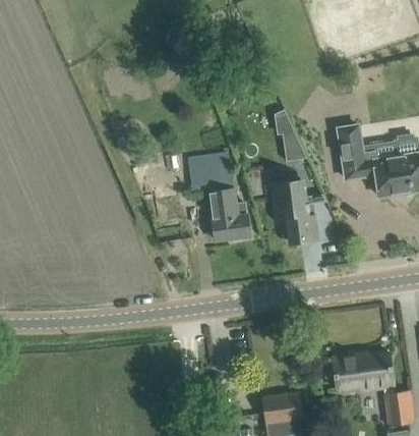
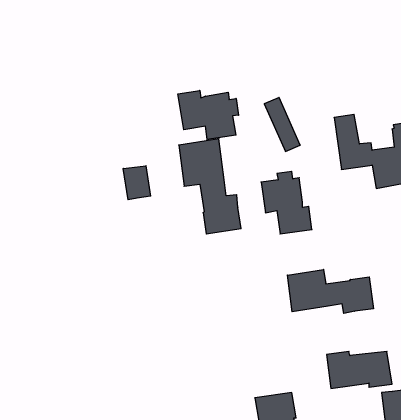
building: none -> [178,90,239,140]
building: none -> [123,166,151,200]
building: none -> [287,269,373,313]

